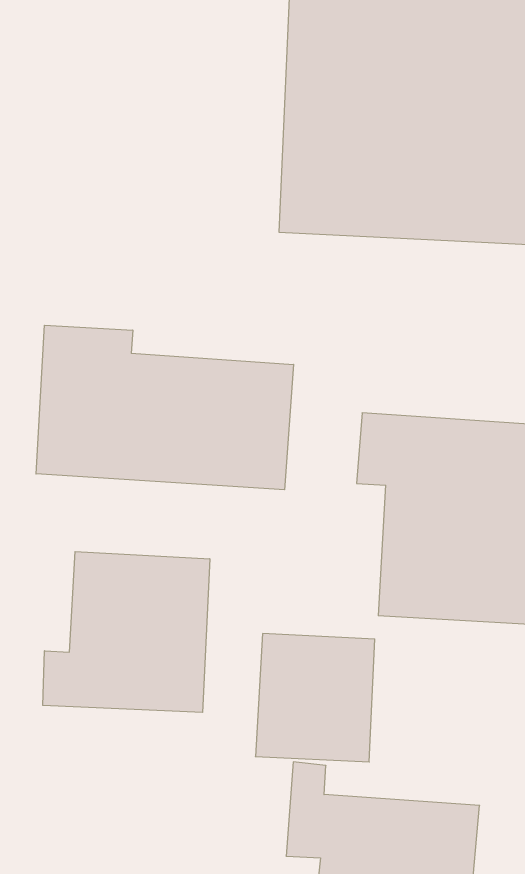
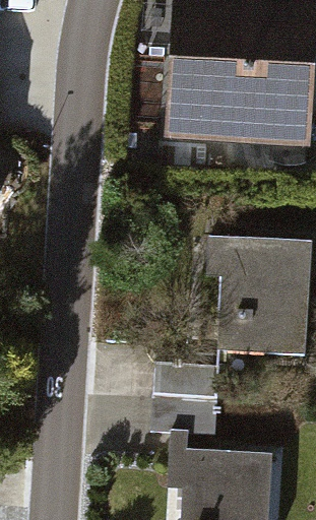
building: [36,325,294,490] -> none
building: [43,552,210,712] -> none

